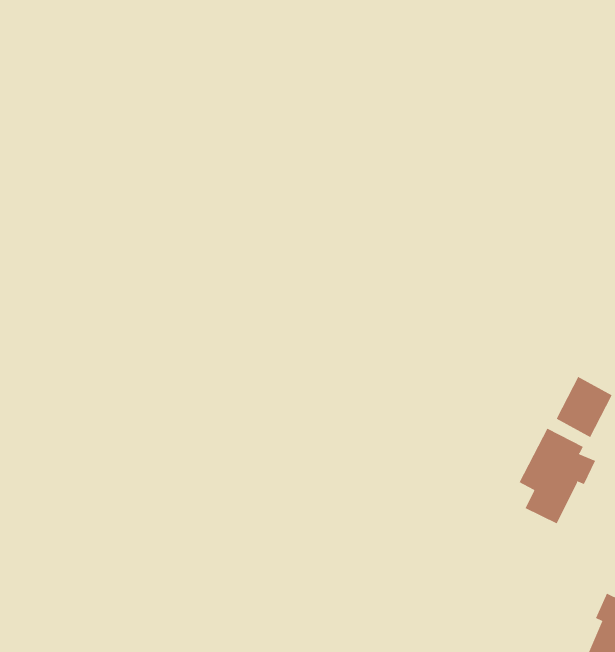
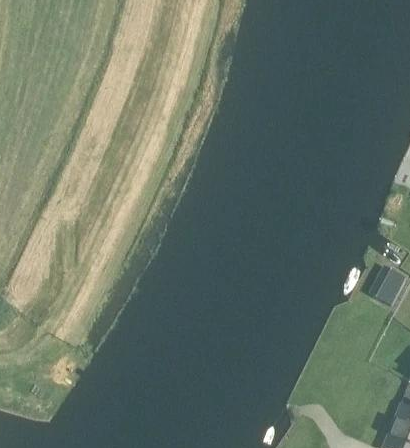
building: [519,428,596,524] -> none

